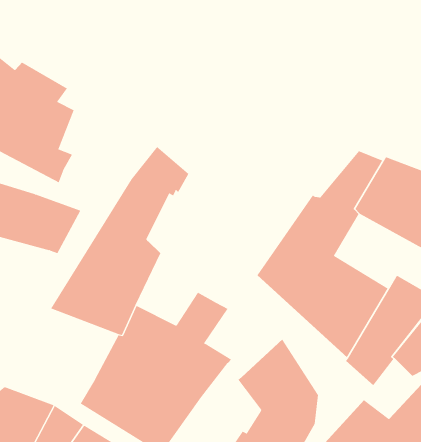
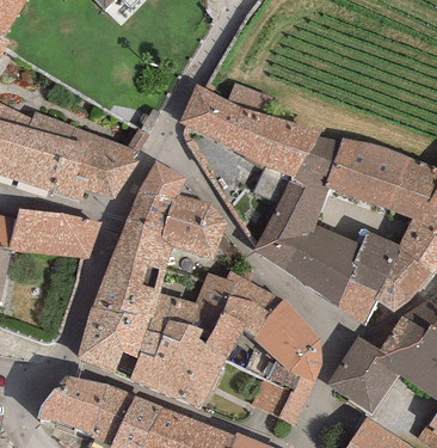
building: none -> [178,82,321,179]
building: none -> [69,125,148,200]
building: none -> [161,194,227,259]
building: none -> [221,271,283,336]
building: none -> [76,306,149,374]

